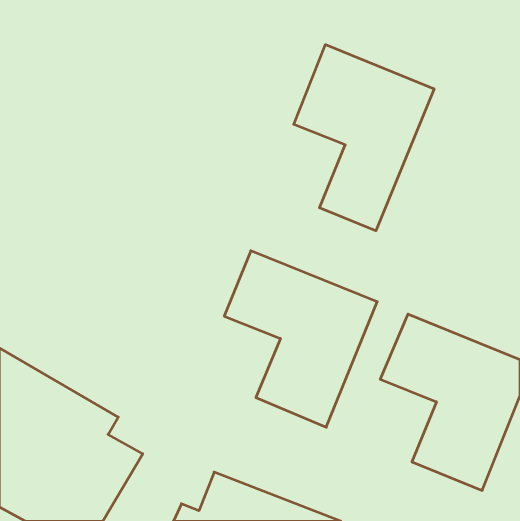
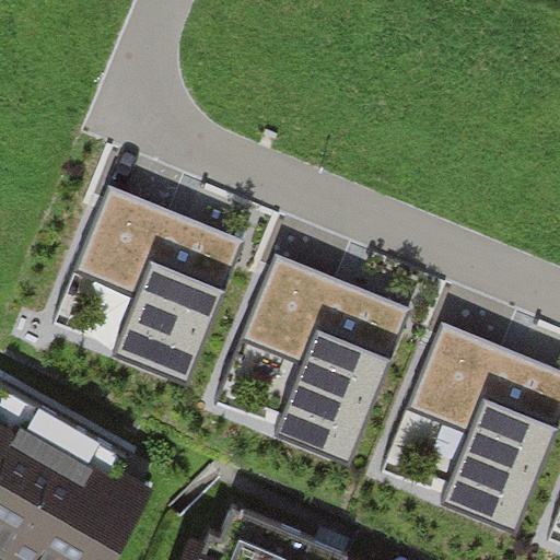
building: [294,45,434,231] -> none
building: none -> [74,198,240,378]

